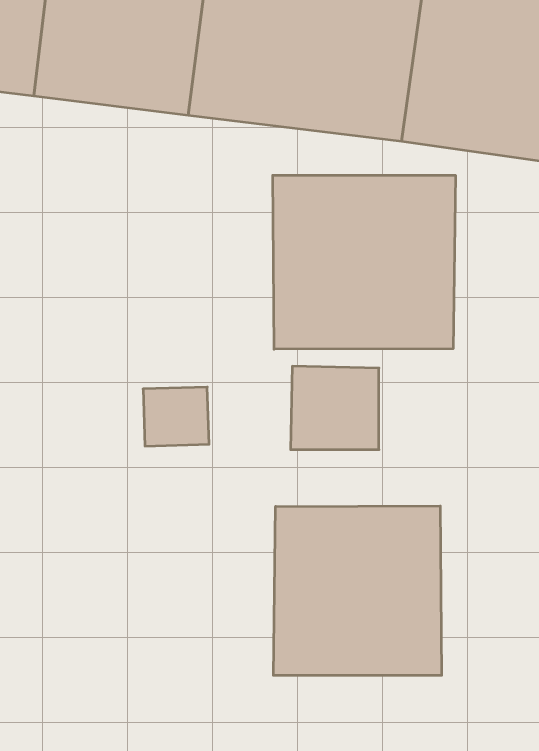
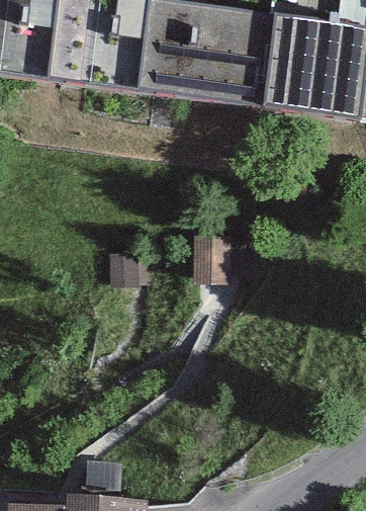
building: [273,175,455,349] -> none
building: [273,506,442,675] -> none

